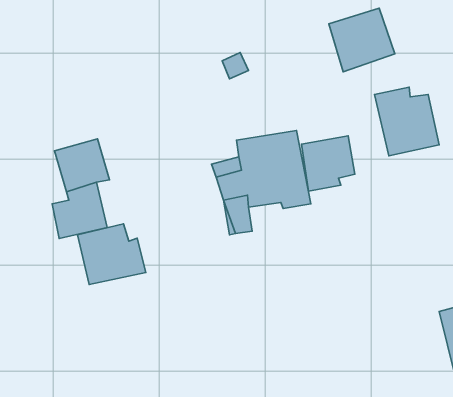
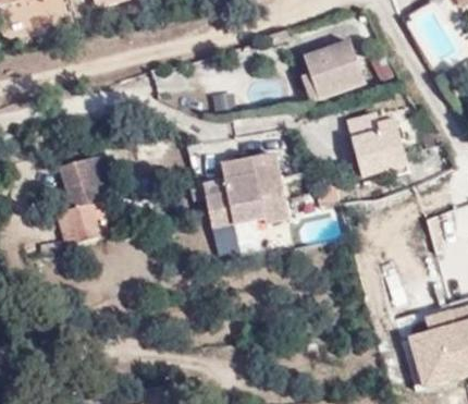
building: [301,136,355,191] -> none
building: [77,224,146,285] -> none

